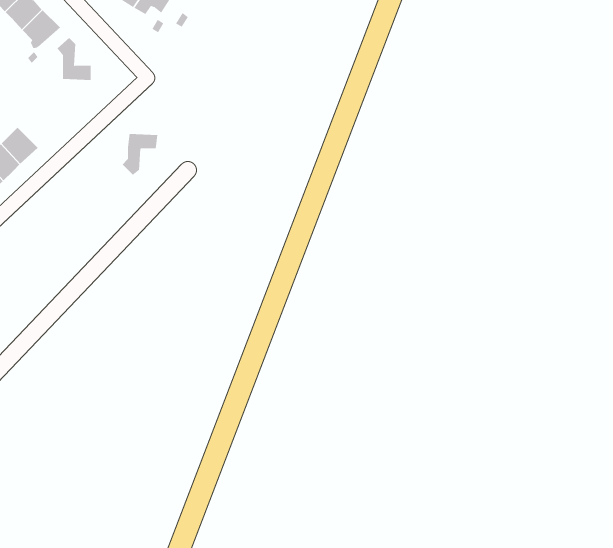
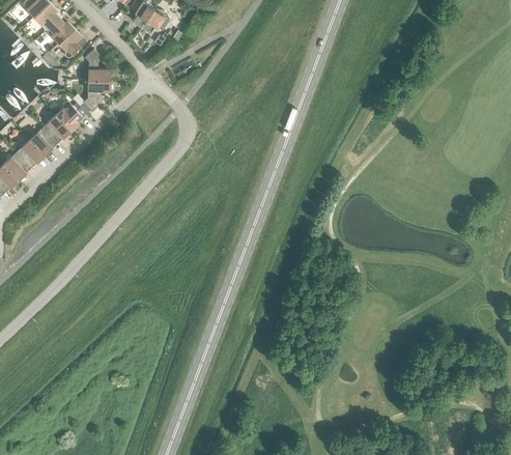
building: none -> [55,102,84,131]
building: [122,134,158,176] -> [83,80,110,111]

